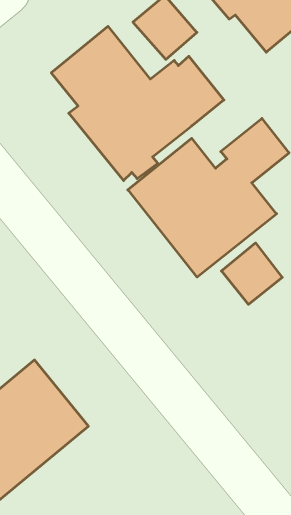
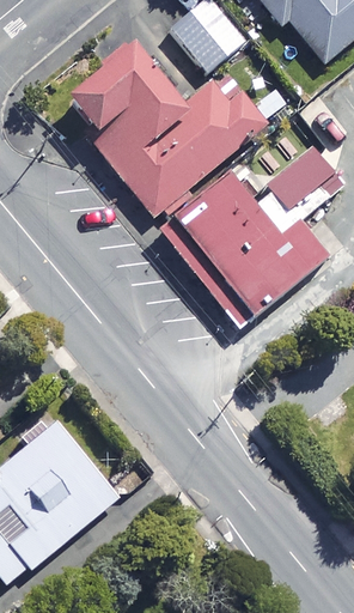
building: [221,243,282,304] -> none

